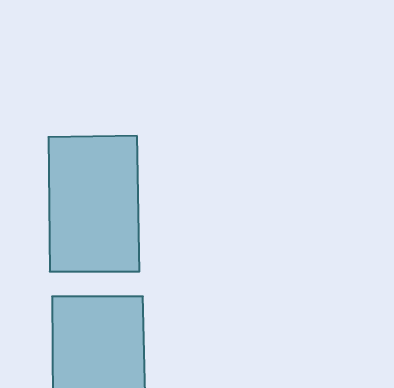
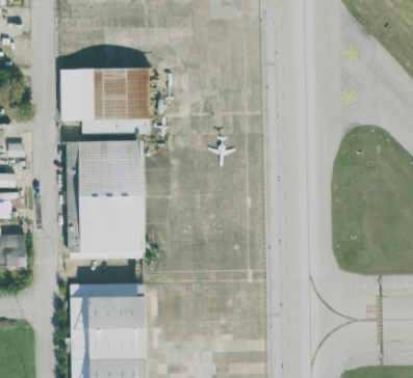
building: none -> [58,69,151,136]

